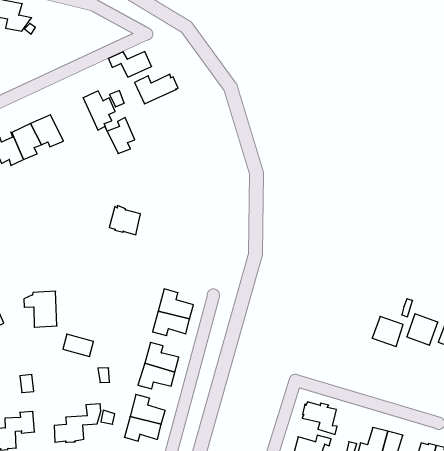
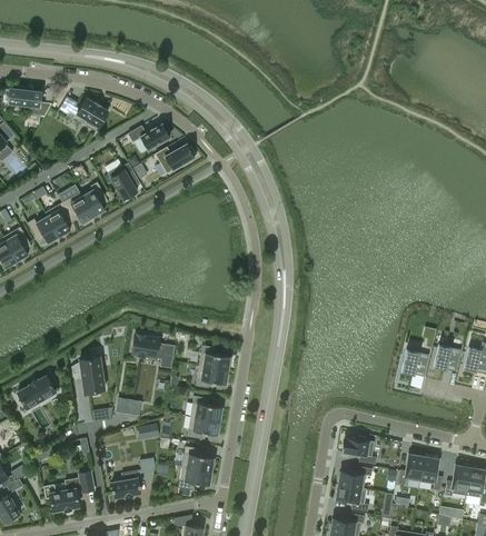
building: none -> [59,98,108,131]
building: [105,117,135,154] -> [79,181,108,216]
building: [109,206,140,235] -> [131,334,159,359]

